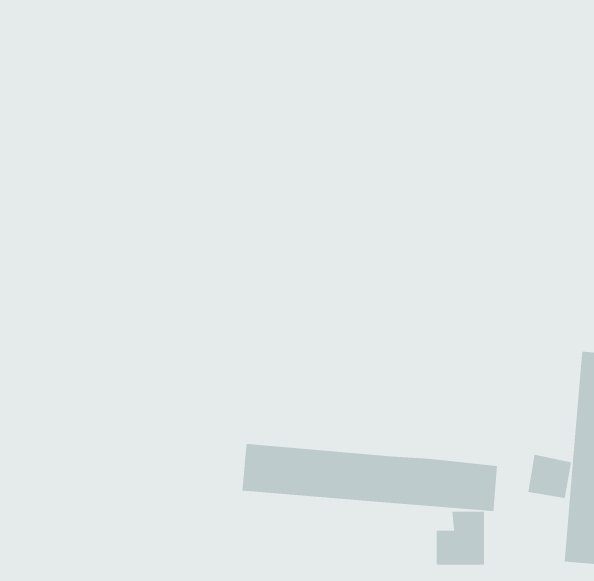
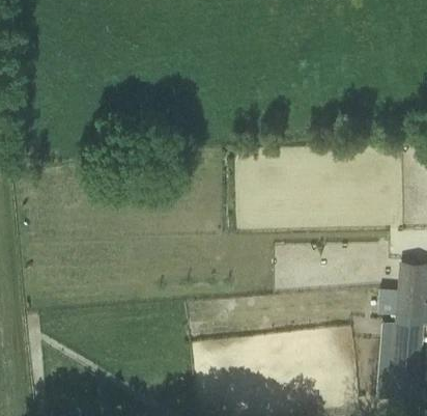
building: [242,443,498,512] -> none

